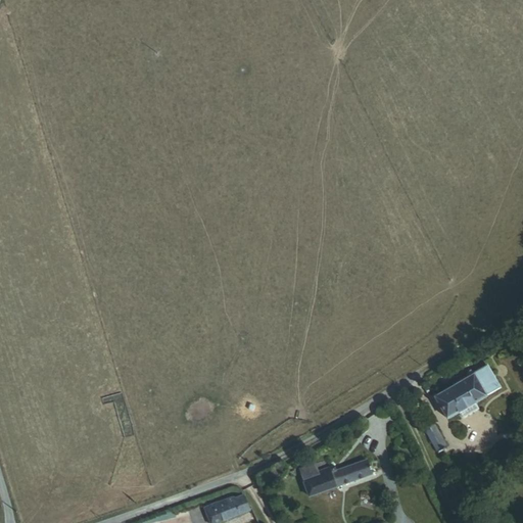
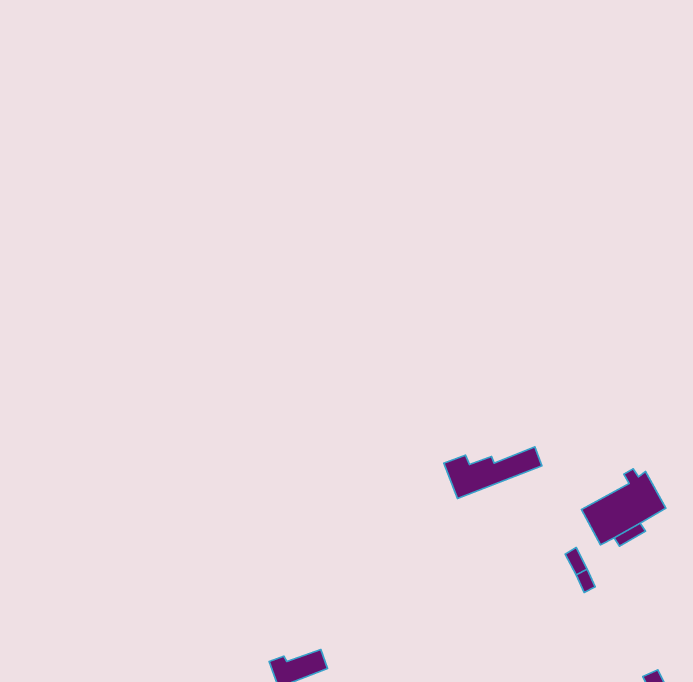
building: [299,458,373,496] -> [444,447,542,499]

